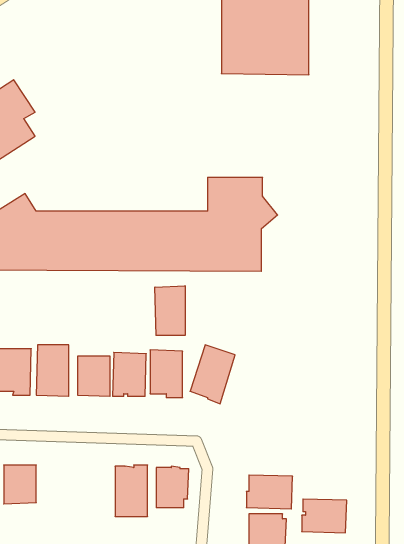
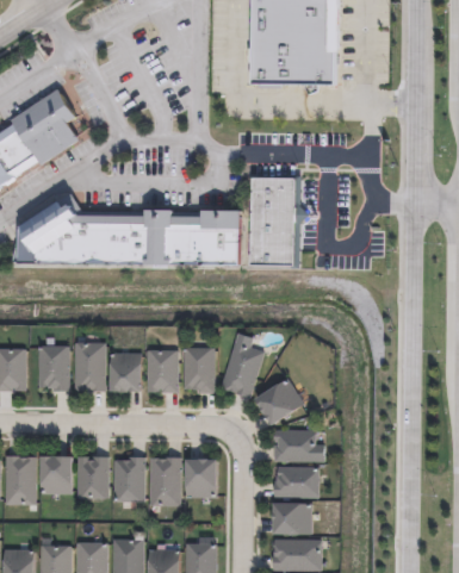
building: [155,286,185,335] -> none
building: none -> [259,378,306,424]
building: none -> [77,455,110,498]
building: none -> [114,456,145,502]
building: [302,499,347,533] -> [274,429,317,461]

